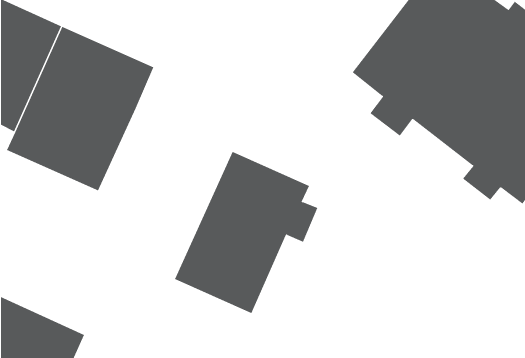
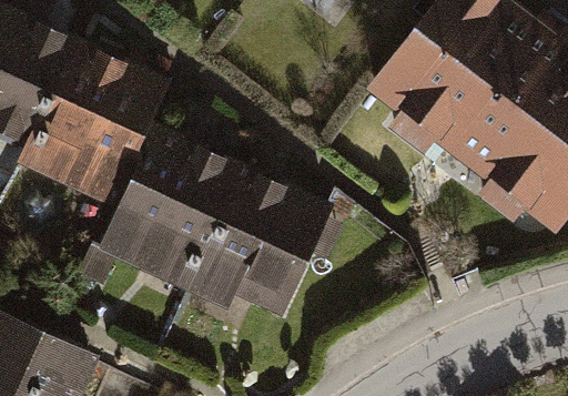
building: none -> [83,122,245,303]

